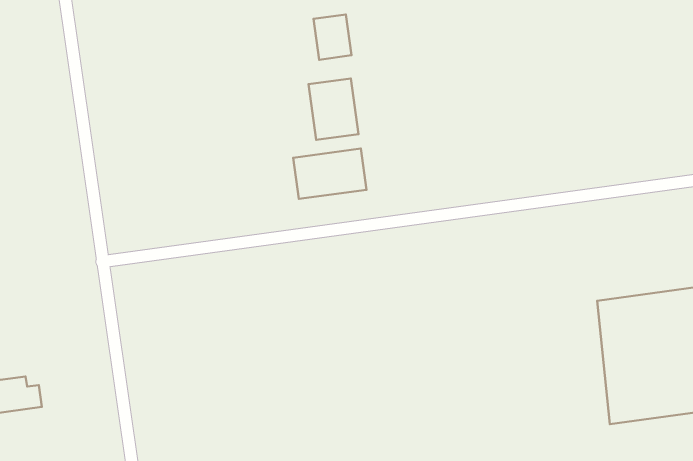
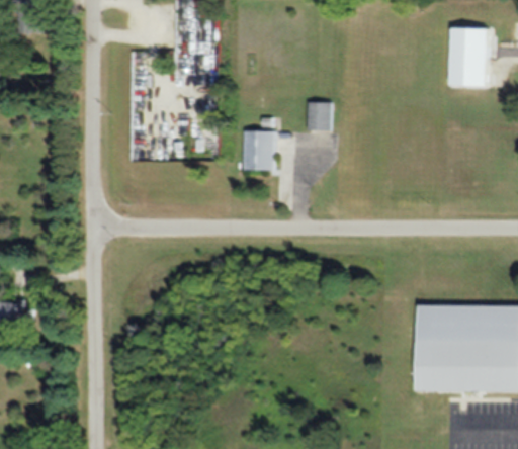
building: [314,14,351,60] -> [307,102,329,130]
building: [293,149,366,199] -> none

